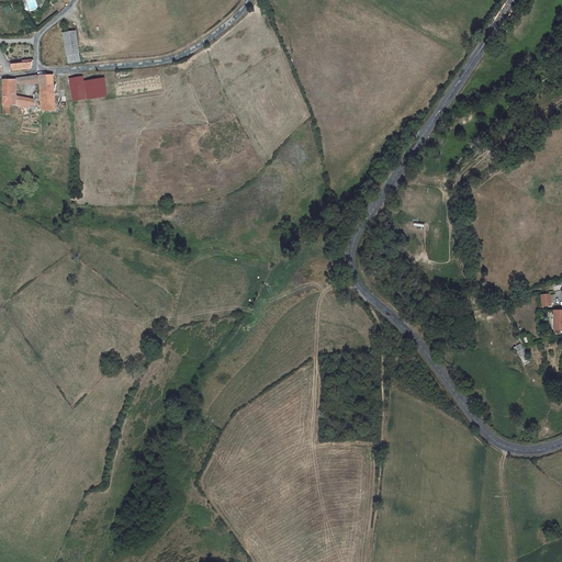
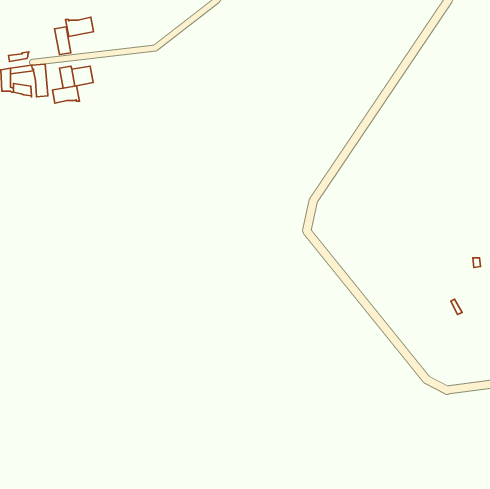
building: none -> [65,17,93,36]
building: none -> [53,86,79,103]

